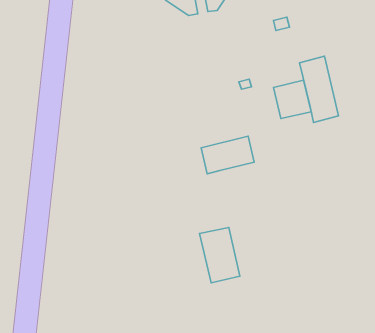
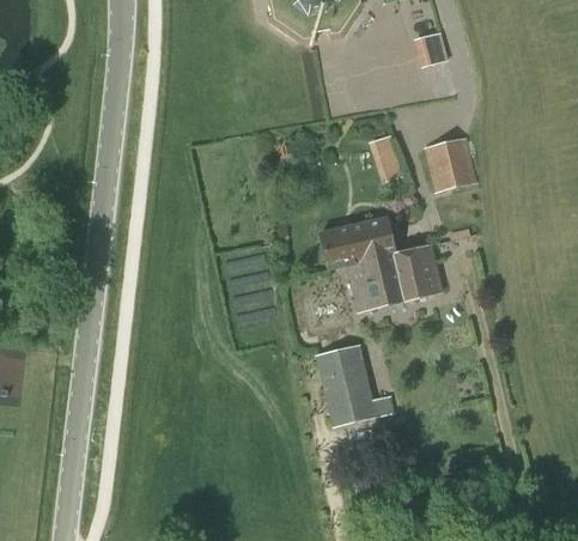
building: [299,56,339,123] -> none
building: none -> [346,244,442,311]

